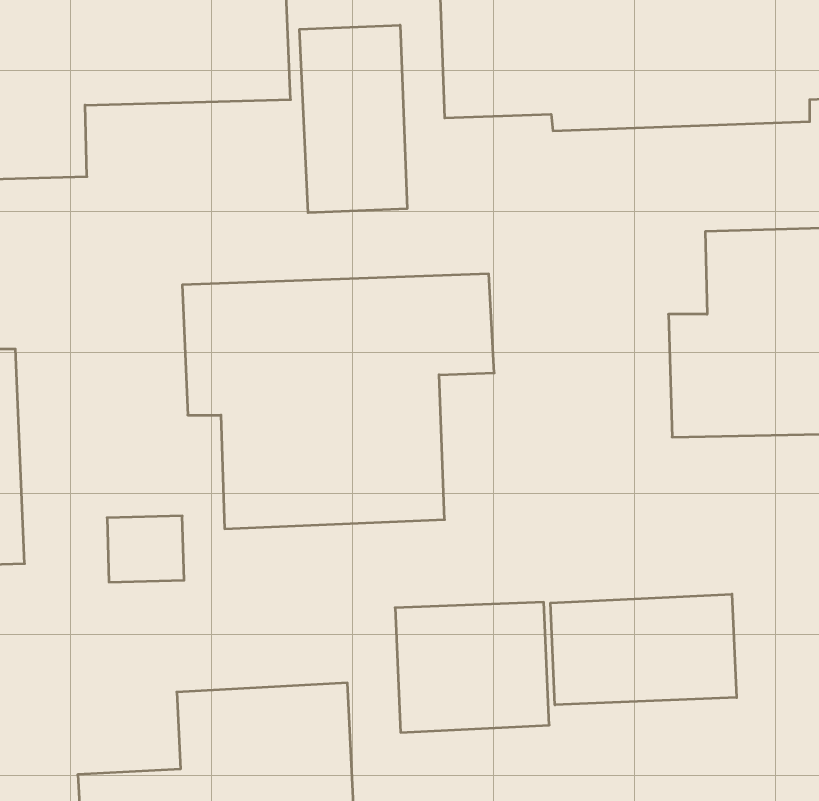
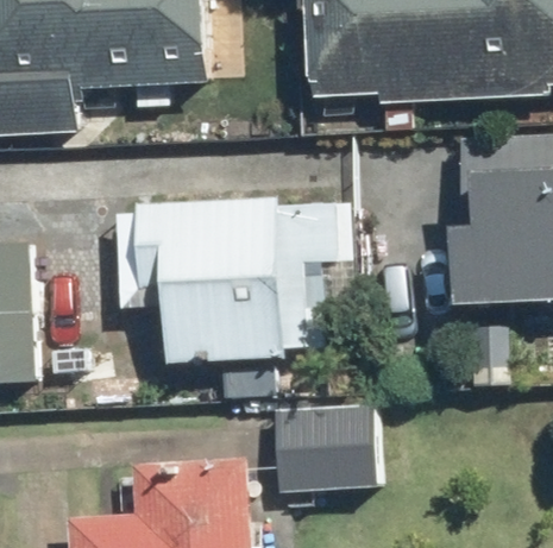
building: [300,25,407,213] -> none
building: [551,594,737,705] -> none

